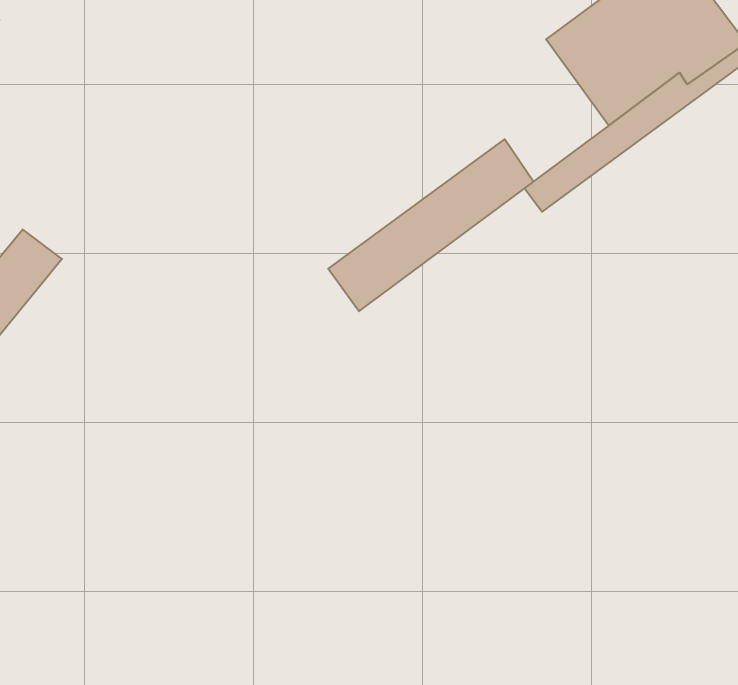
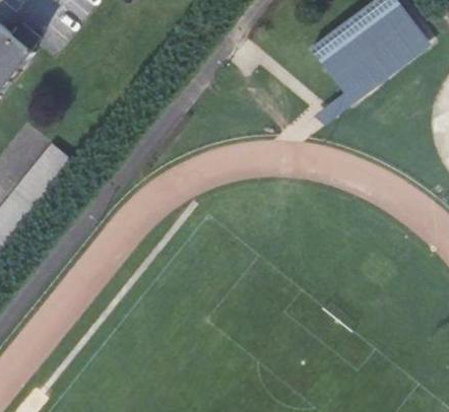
building: [328,139,534,311] -> none

